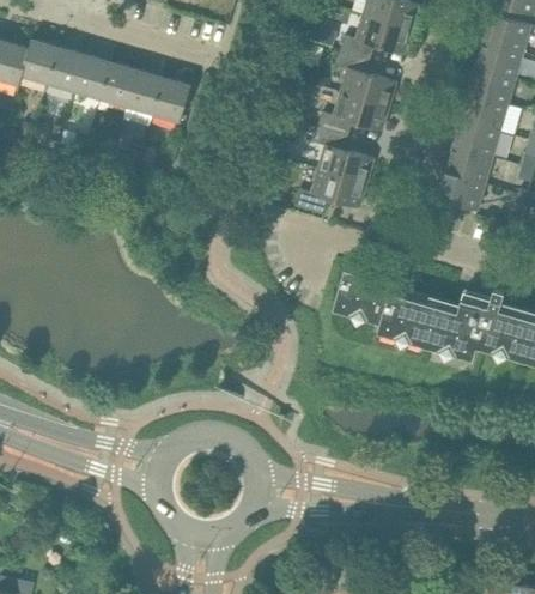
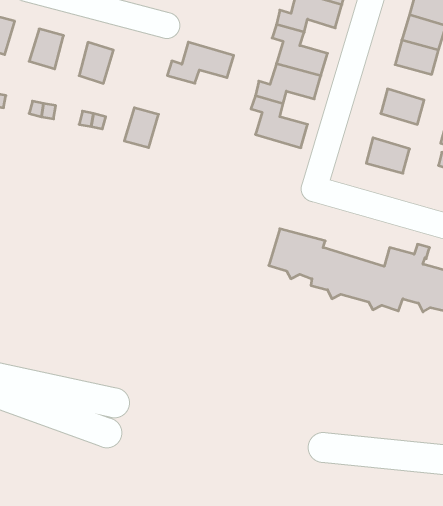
building: [48,48,85,91] -> none
building: [102,63,138,107] -> none
building: [154,79,191,122] -> [124,108,159,148]
building: [461,95,509,133] -> none
building: [445,147,493,186] -> none
building: [296,170,367,214] -> [167,42,234,83]

